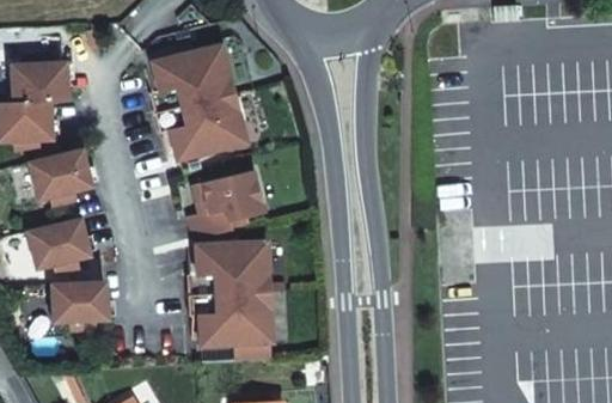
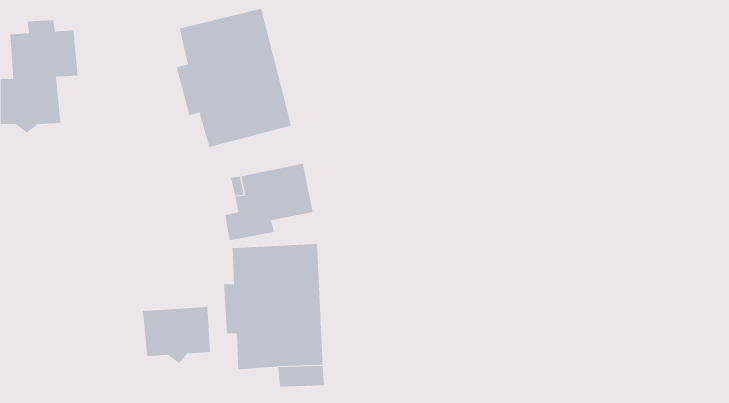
building: [29,149,91,201] -> none
building: [27,219,90,270] -> none
building: [51,281,109,329] -> [142,306,211,364]

